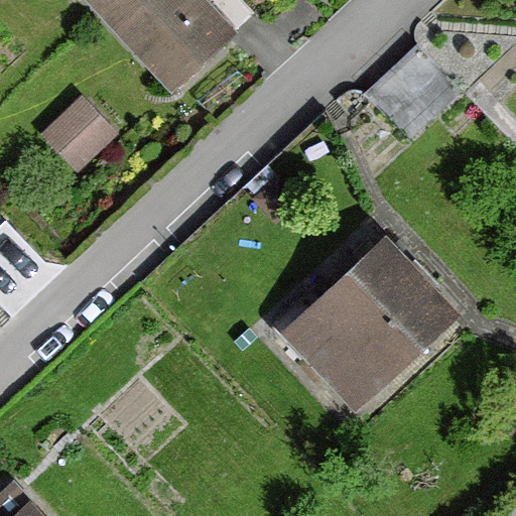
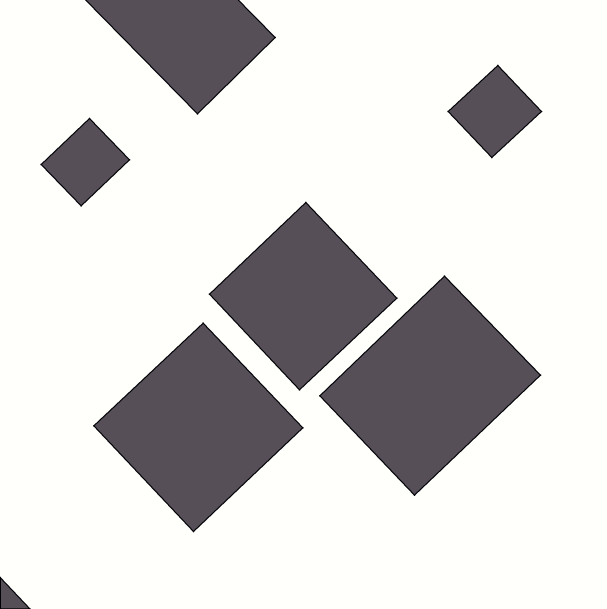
building: none -> [209,203,397,390]
building: none -> [94,323,303,532]

